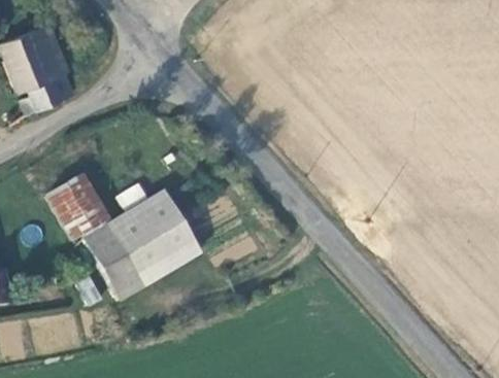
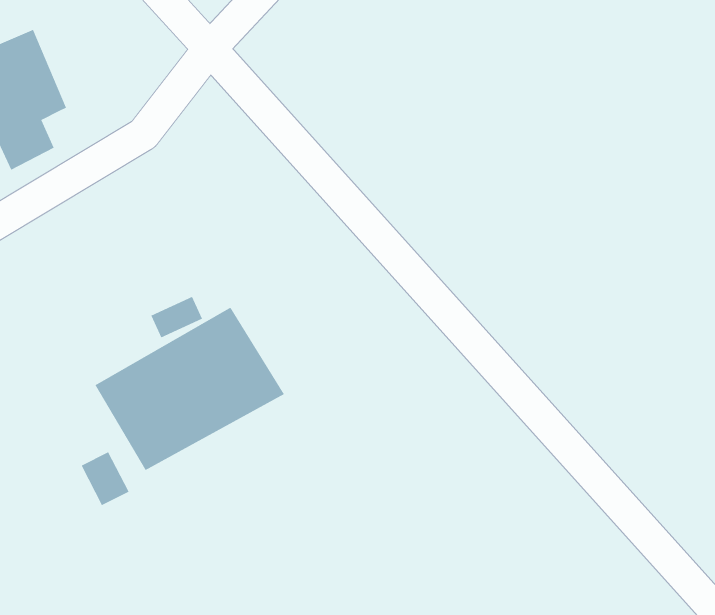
building: [47,177,108,242] -> none

